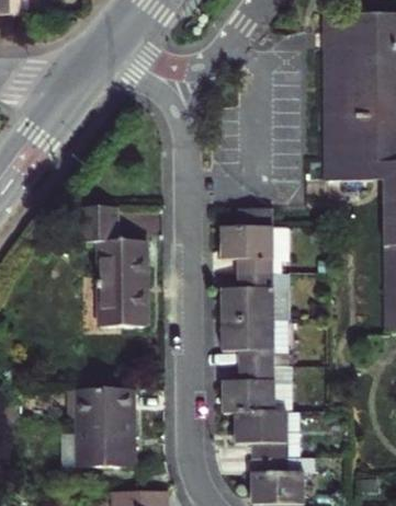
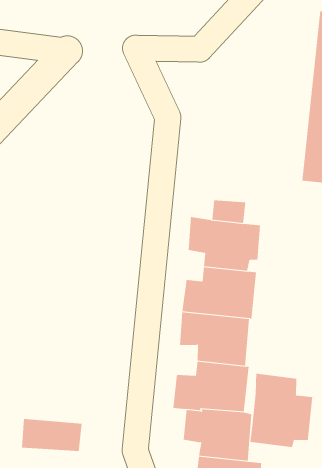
building: [83,203,149,322] -> none
building: none -> [250,373,313,448]
building: [77,389,136,439] -> none

